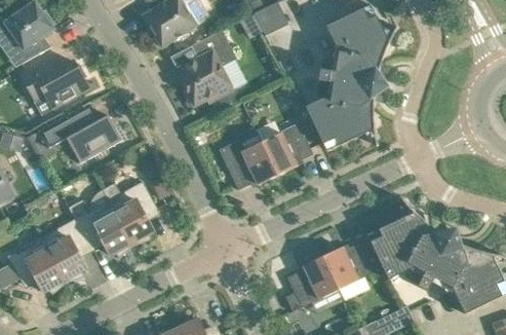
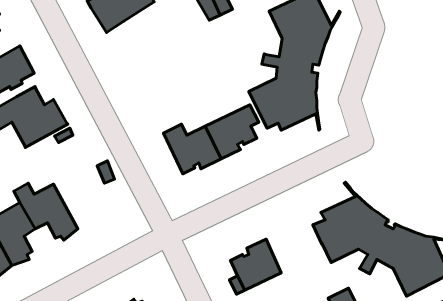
building: [176,29,236,105] -> none
building: [102,181,157,246] -> none
building: [322,241,376,290] -> none

